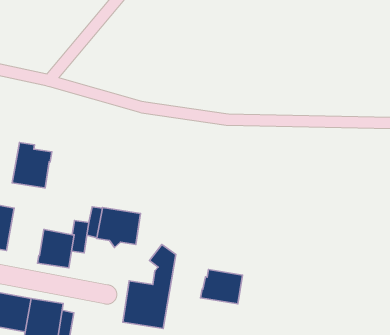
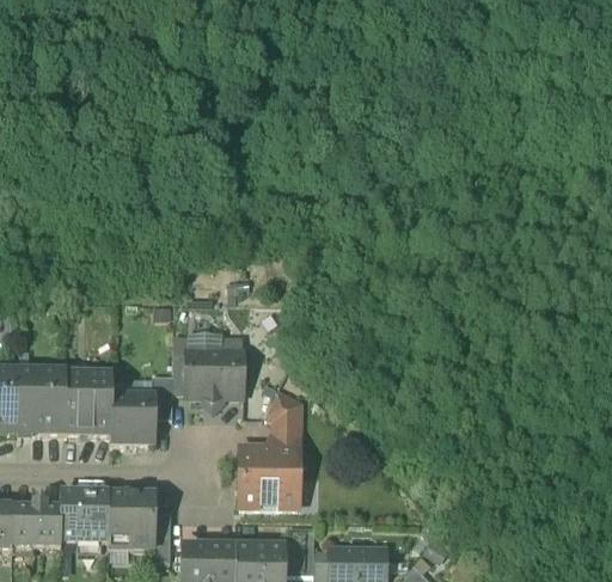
building: [12,142,52,188] -> [63,373,111,430]
building: [200,269,243,304] -> none

